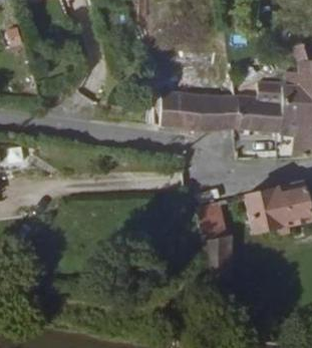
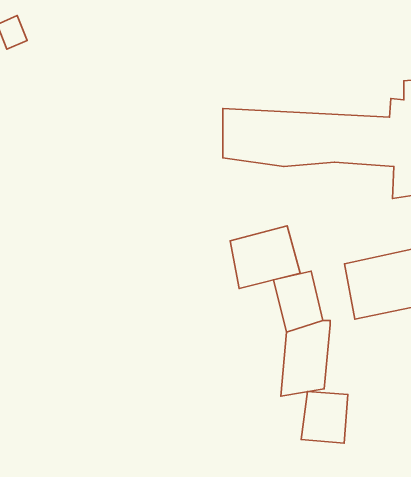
building: none -> [230,226,300,288]
building: none -> [301,392,348,443]

